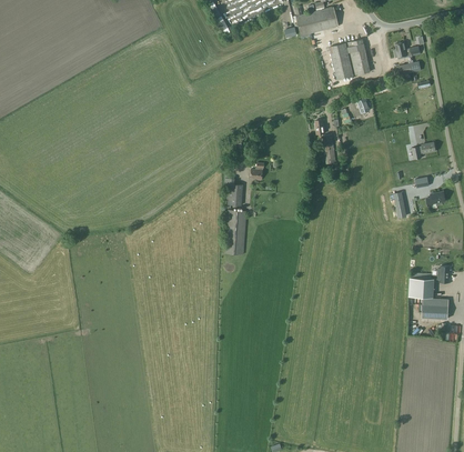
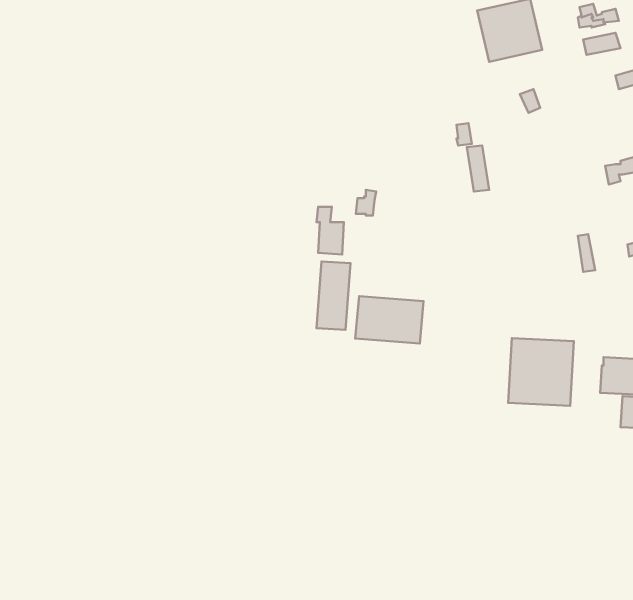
building: none -> [355,296,424,344]
building: none -> [508,338,574,406]

